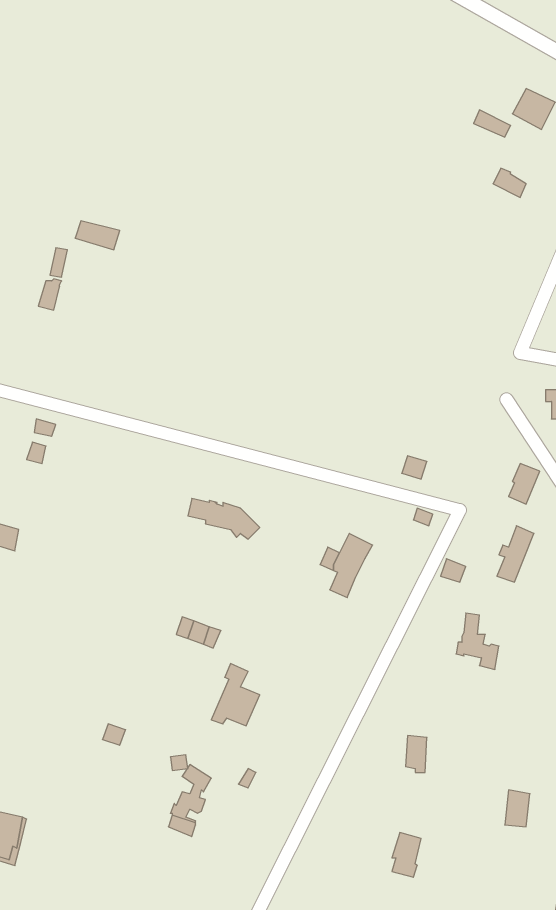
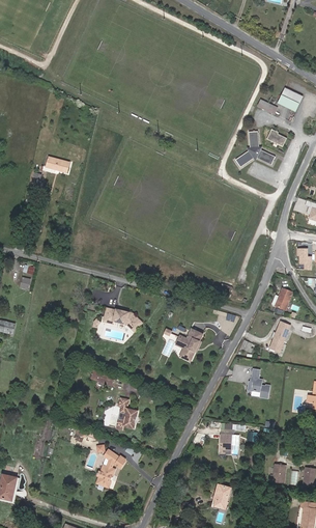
building: none -> [235,132,274,166]

